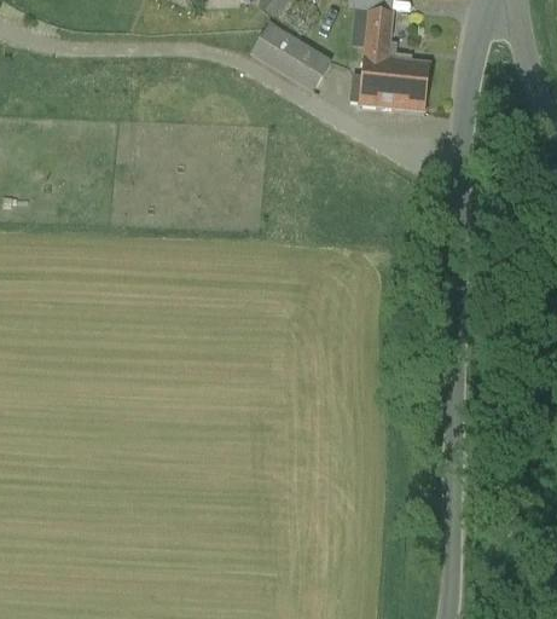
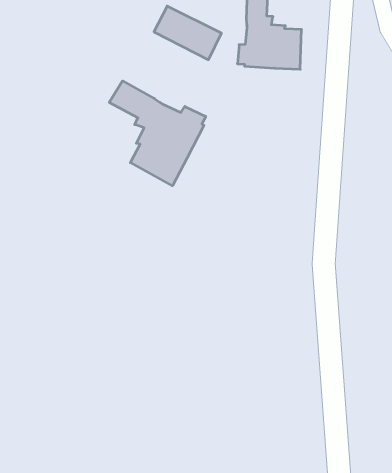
building: none -> [109,81,206,186]

